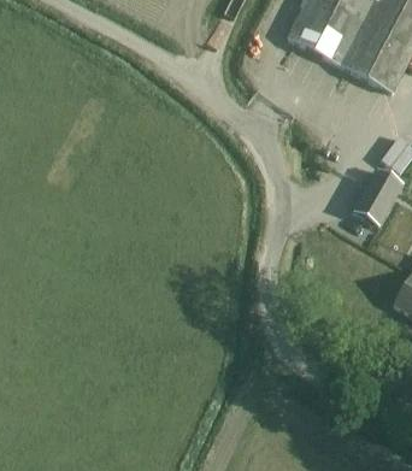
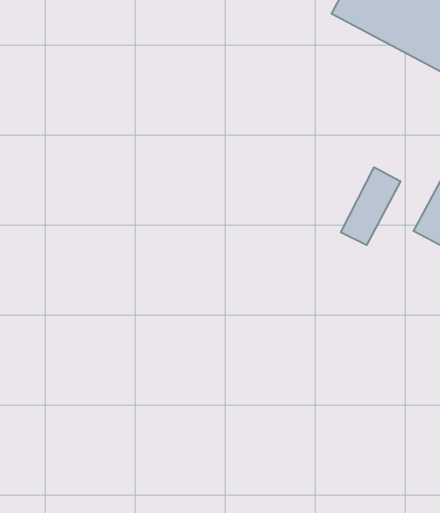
building: none -> [341,167,400,245]

